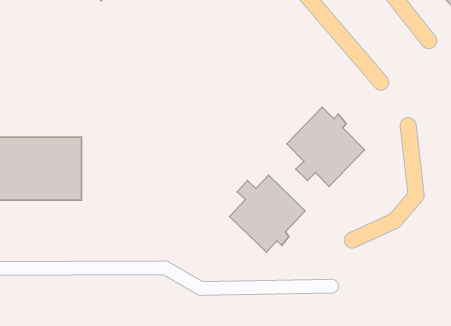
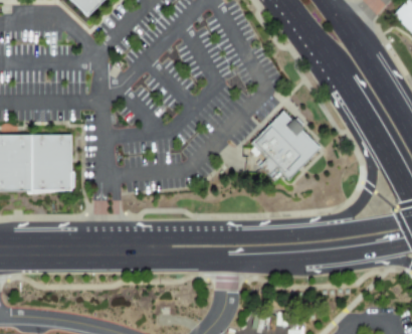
building: [230,175,305,252] -> none

